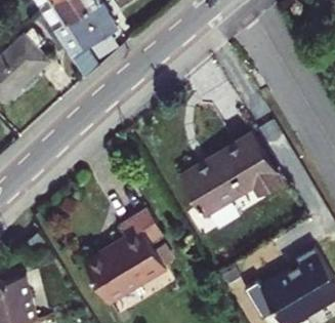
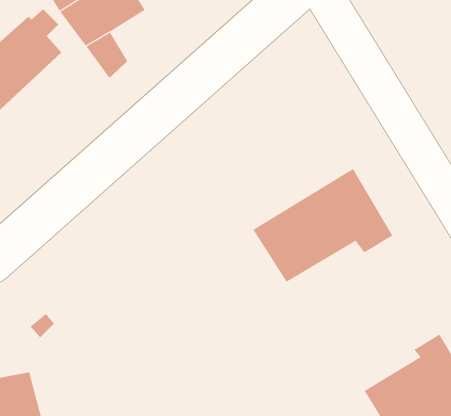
building: [87,212,166,302] -> none

